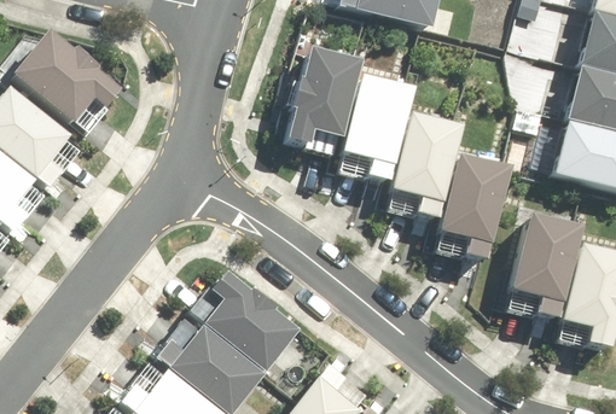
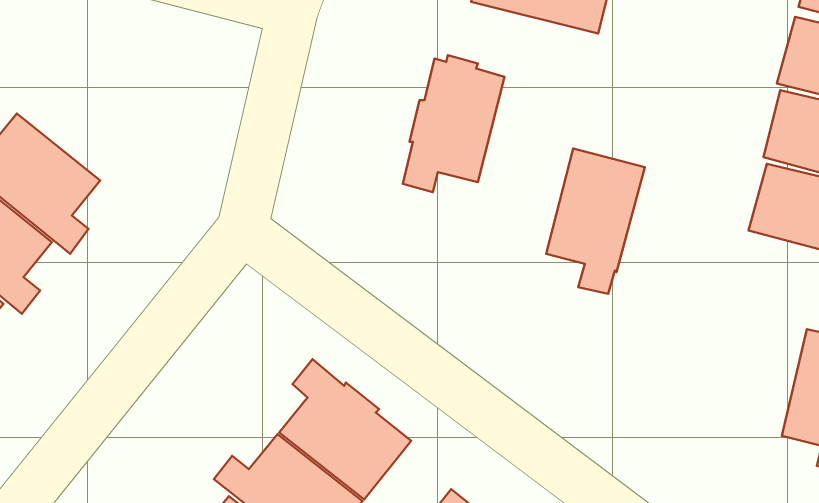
building: [17,37,123,129] -> none
building: [348,77,418,182] -> none
building: [443,156,516,261] -> none
building: [516,215,587,320] -> none

